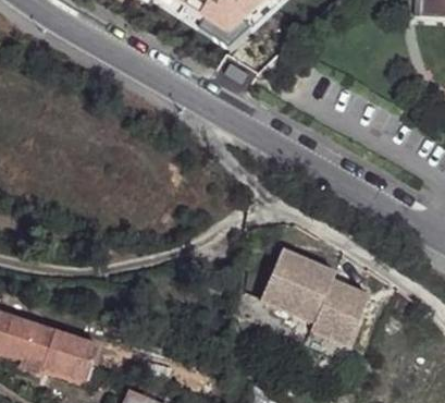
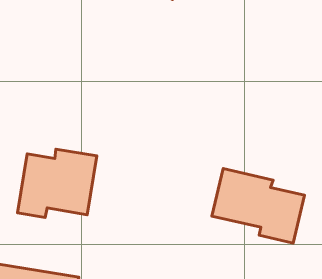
building: none -> [17,149,97,218]

